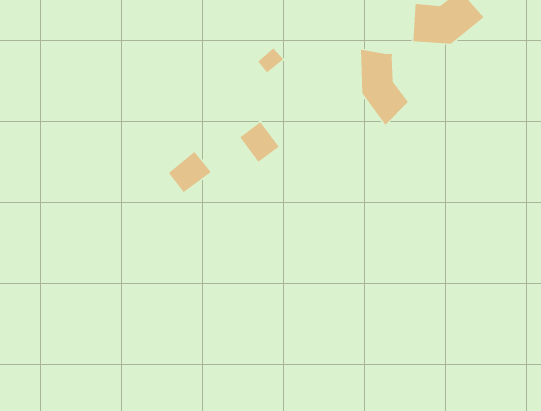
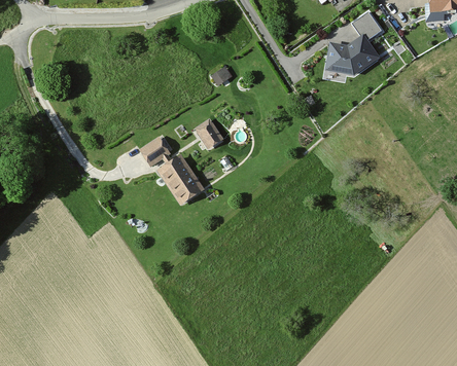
building: [360,49,409,126] -> none
building: none -> [157,154,203,204]

